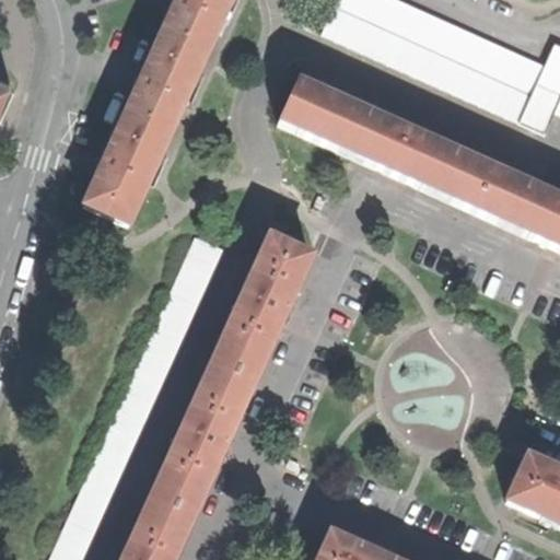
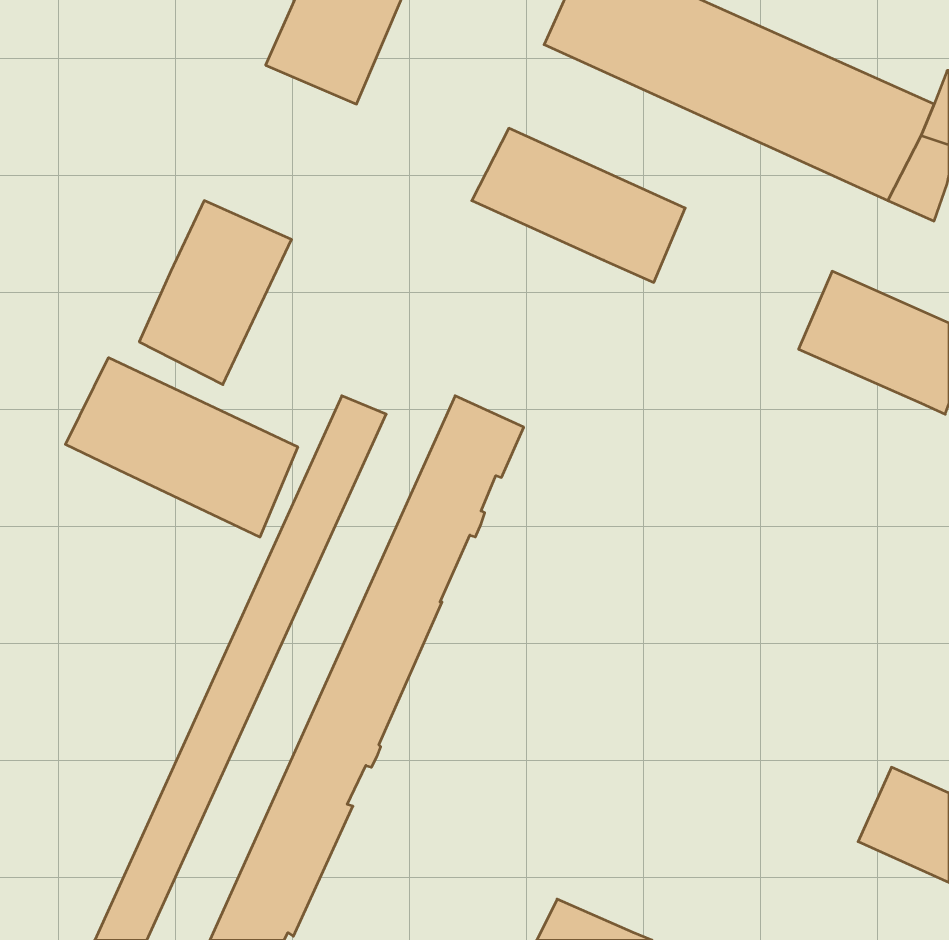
building: [120,38,210,141] -> none
building: [385,122,490,206] -> none
building: none -> [65,358,298,537]

